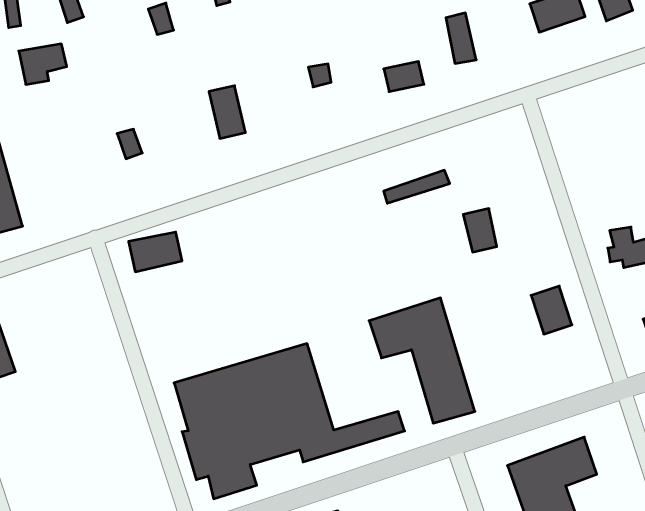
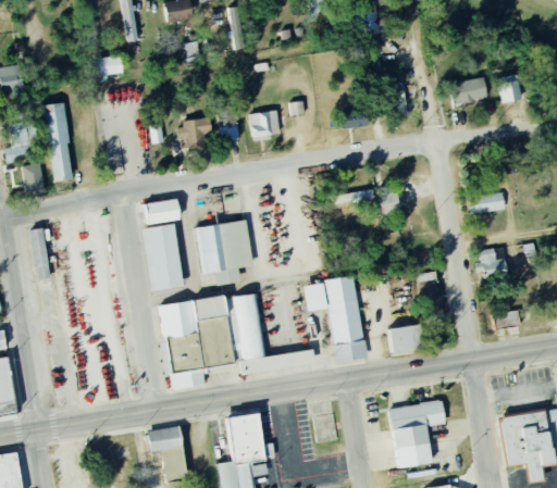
building: none -> [249,110,280,137]
building: none -> [178,118,211,148]
building: none -> [469,192,505,213]
building: [463,209,497,252] -> [379,185,398,213]
building: none -> [196,220,253,286]
building: none -> [143,224,182,290]
building: none -> [389,324,424,353]

